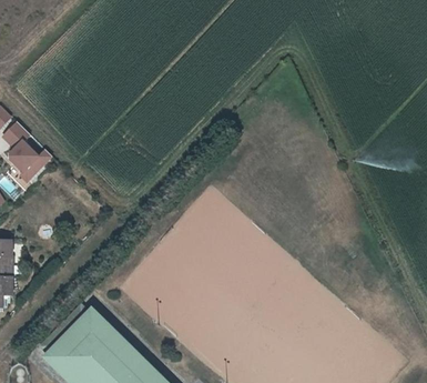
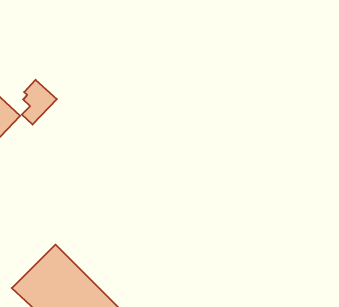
building: none -> [22,80,57,125]

